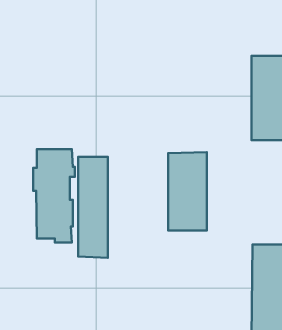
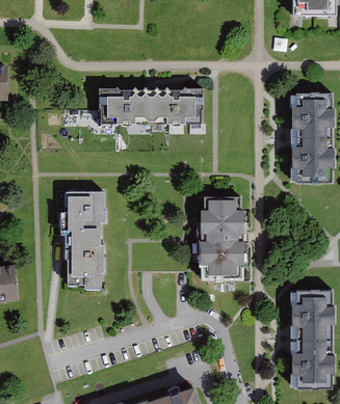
building: none -> [99,87,203,124]
building: [78,157,108,258] -> none

